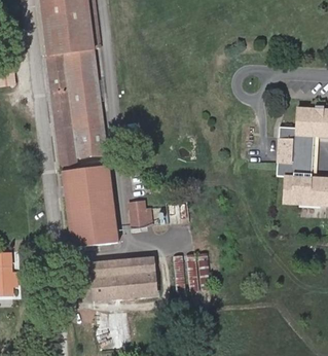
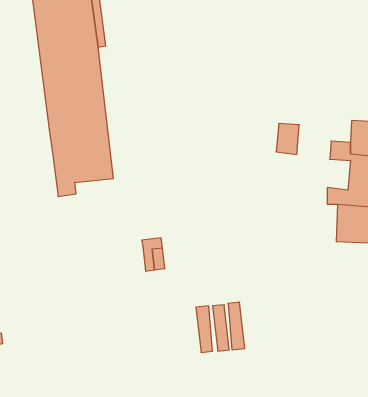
building: [277,138,295,163] -> [276,123,299,154]
building: [62,166,117,247] -> none
building: [89,257,155,300] -> none

